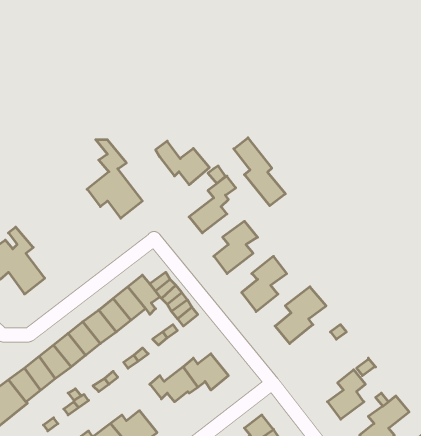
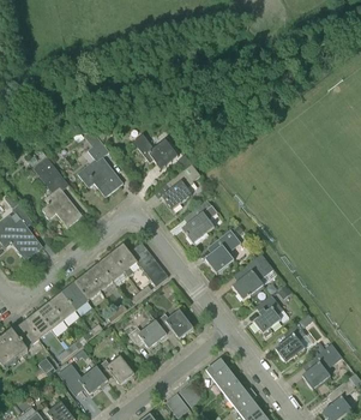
building: [234,138,285,206] -> none
building: none -> [32,156,82,227]
building: none -> [253,294,289,336]

